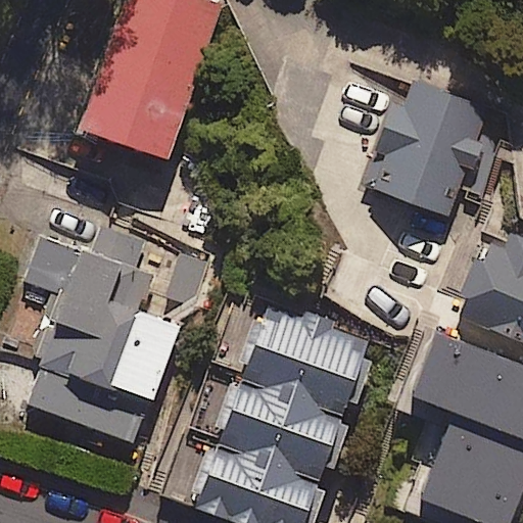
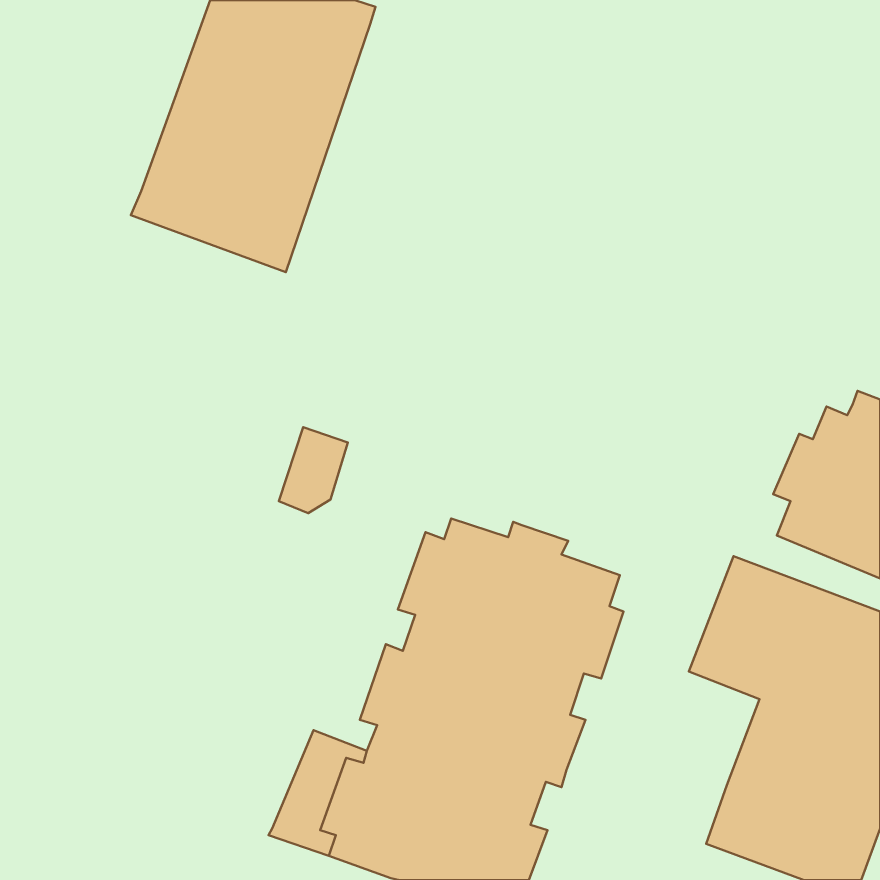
building: [359,82,487,218] -> none
building: [23,227,179,447] -> none

